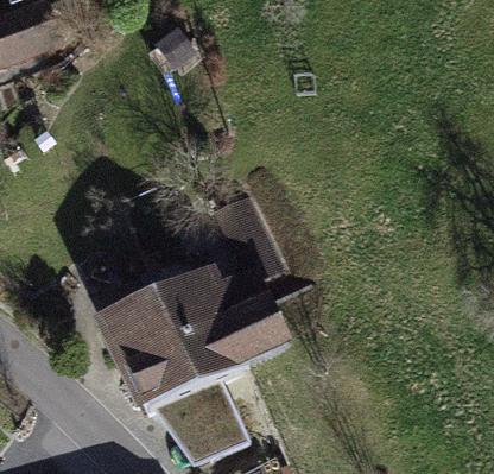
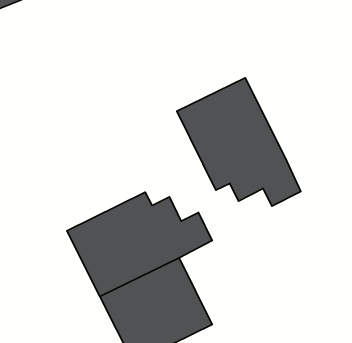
building: none -> [177,78,301,206]

